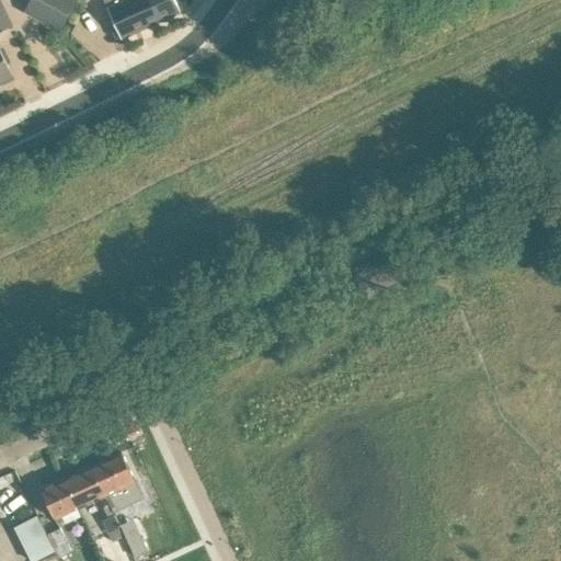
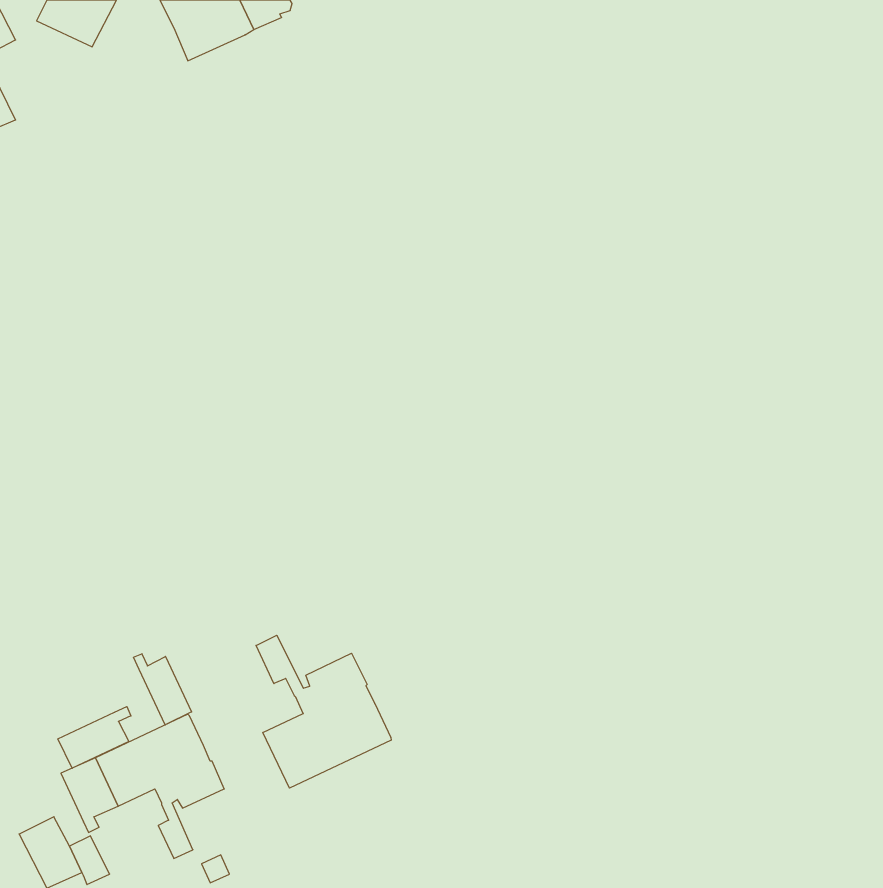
building: none -> [256,635,391,788]
building: none -> [134,654,192,725]
building: none -> [58,707,131,768]

